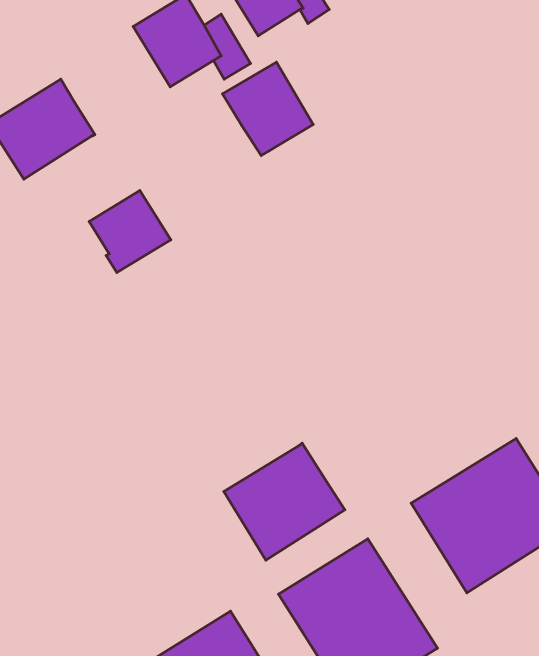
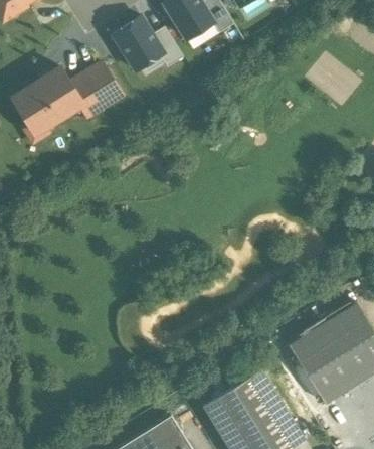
building: [222,62,313,155] -> none
building: [89,191,171,272] -> [69,63,123,117]
building: [224,443,345,560] -> none

